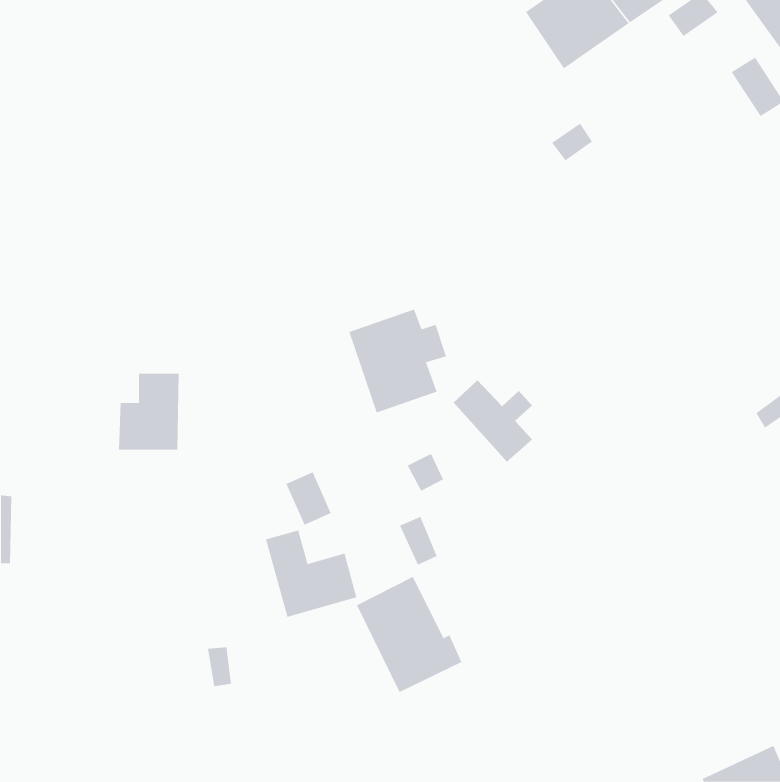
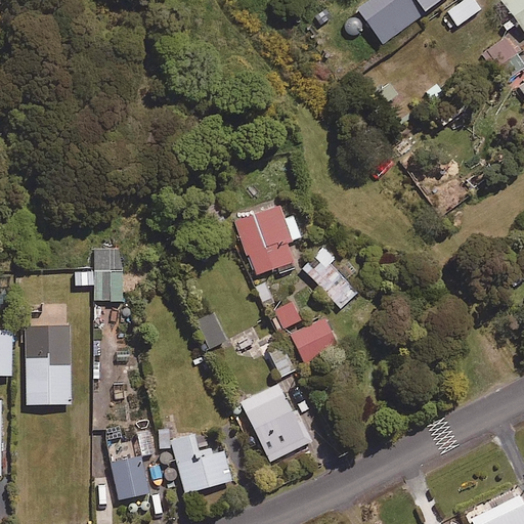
building: none -> [291,317,338,360]
building: none -> [26,325,71,404]
building: [265,530,357,617] -> [171,435,232,493]
building: none -> [112,456,148,498]

